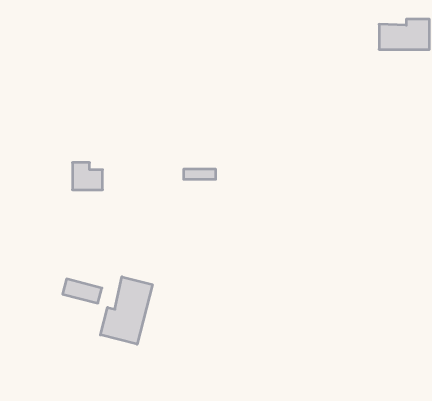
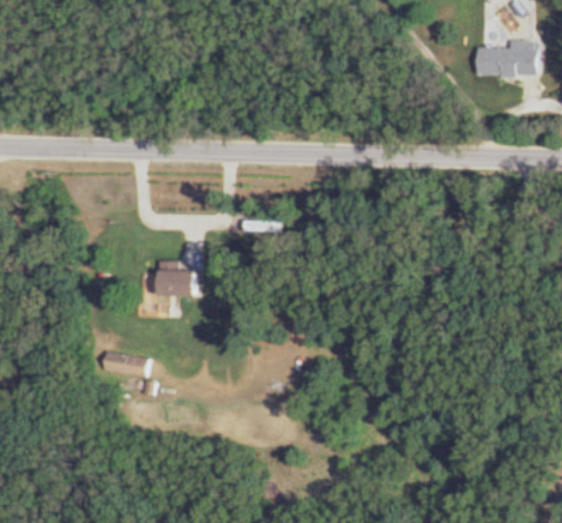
building: [72,163,103,190] -> [156,262,192,294]
building: [100,277,152,344] -> none

